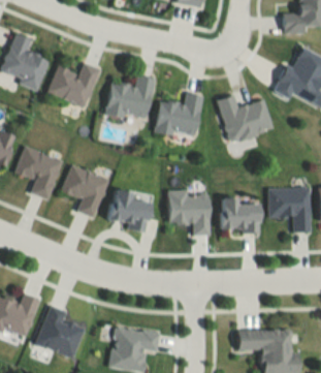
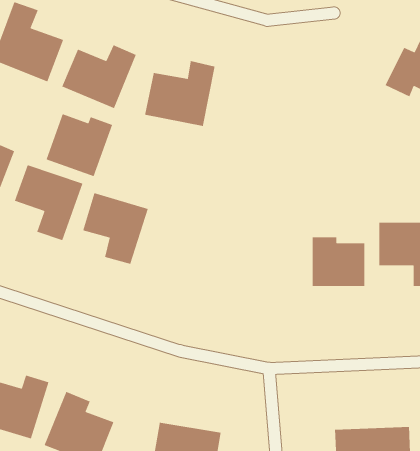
building: [155,92,202,136] -> none
building: [217,94,274,143] -> none
building: none -> [45,113,113,177]
building: [108,188,152,231] -> none
building: [168,190,211,235] -> none

